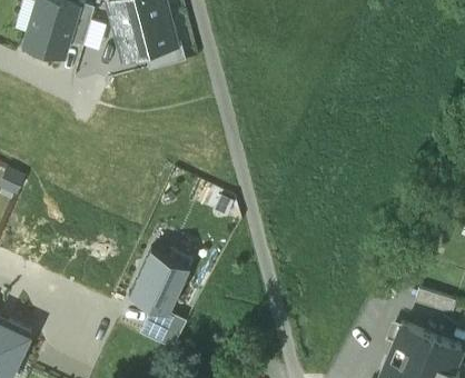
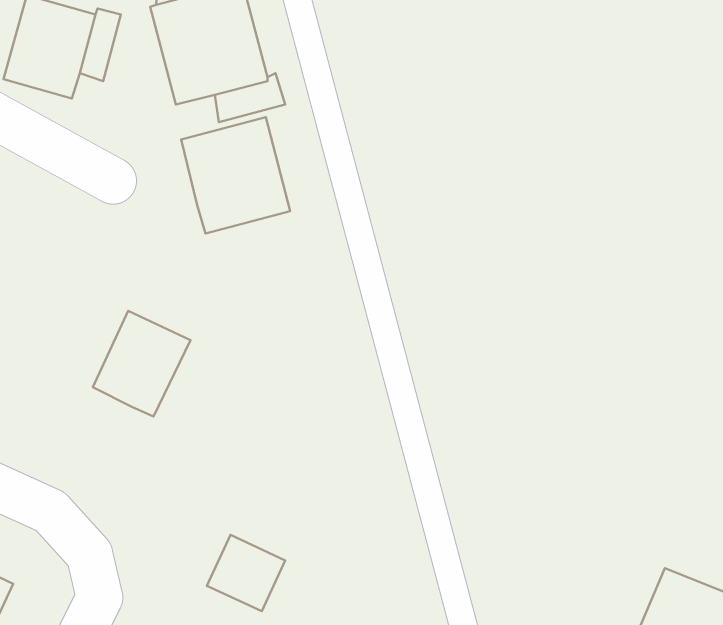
building: none -> [181,117,290,234]
building: [132,251,188,311] -> [93,311,191,417]

